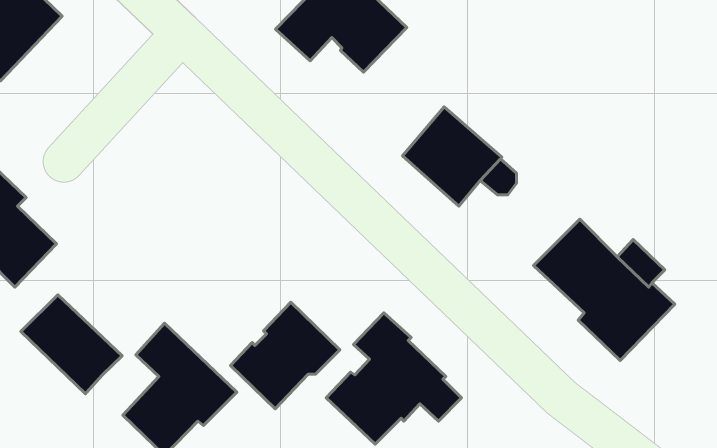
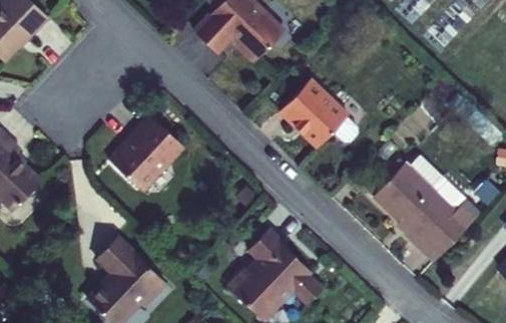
building: [21,295,122,394] -> none
building: [230,302,340,409] -> [108,113,184,188]

